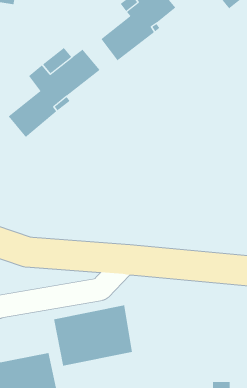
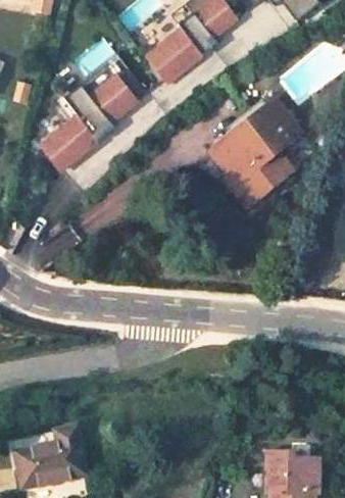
building: none -> [212,107,291,206]
building: [54,305,133,367] -> none

